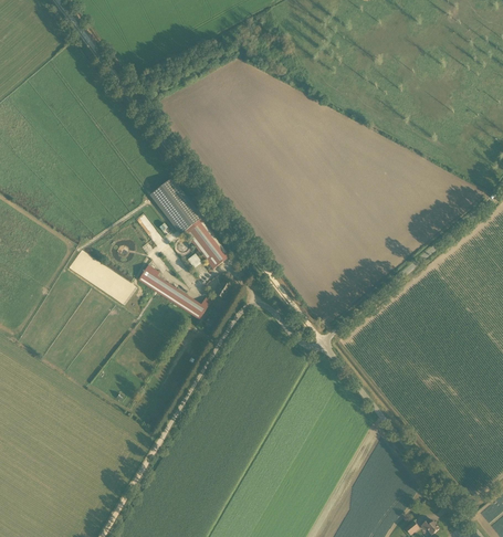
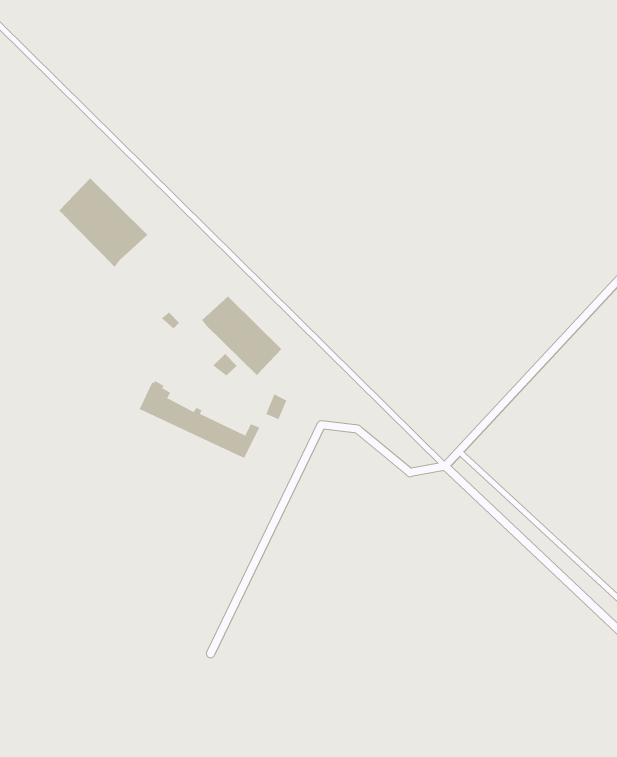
building: [150,177,203,234] -> [59,178,148,268]

